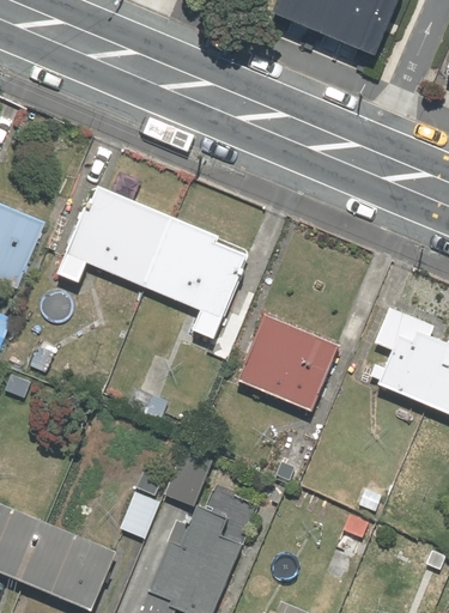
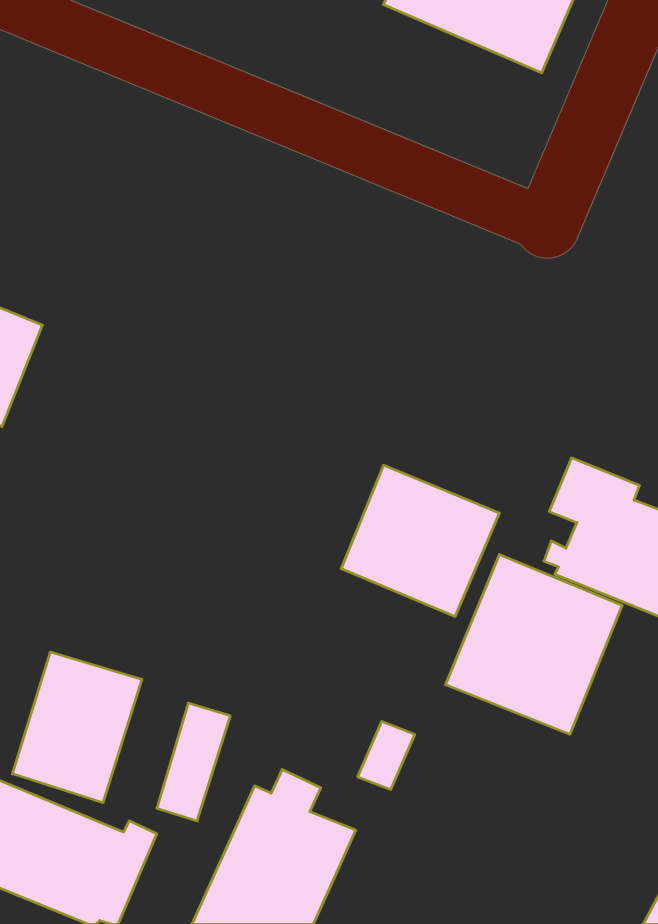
building: [59,180,249,335] -> none
building: none -> [446,554,622,734]
building: none -> [12,652,142,803]

